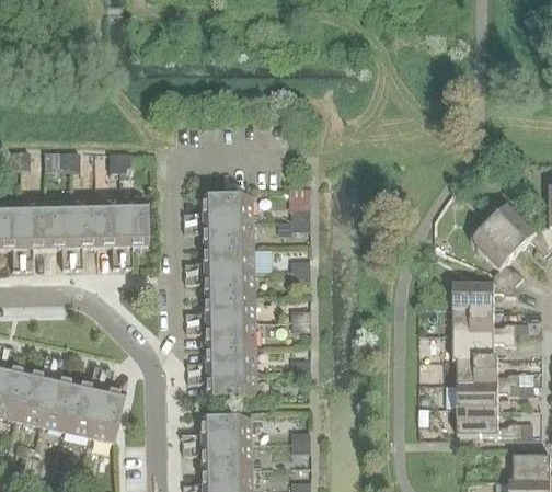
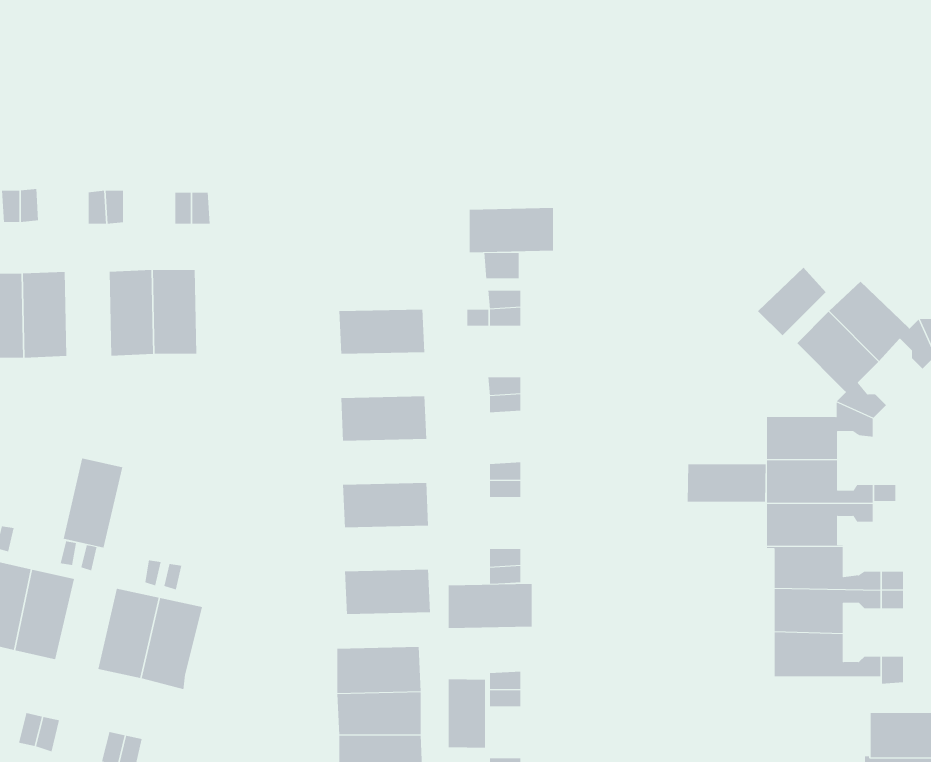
building: [204,196,253,222] -> [469,208,554,253]
building: none -> [757,267,827,336]
building: [120,197,147,248] -> none
building: [45,199,71,249] -> none
building: [205,247,254,273] -> none
building: [206,297,255,323] -> none
building: none -> [687,463,766,502]
building: [207,347,256,374] -> [448,583,533,629]
building: [39,378,74,431] -> [63,458,123,548]
building: none -> [448,678,486,748]

